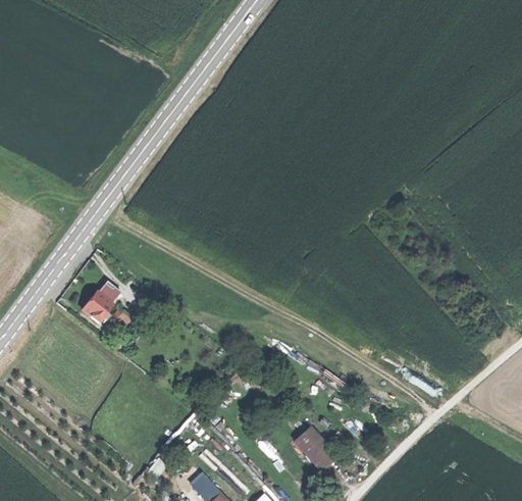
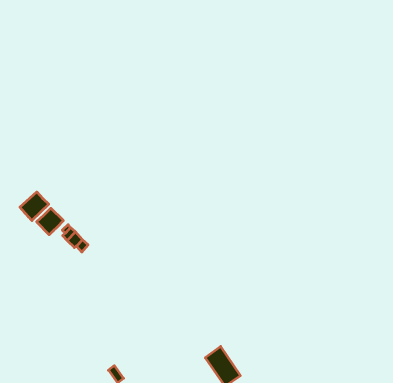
building: none -> [20,192,49,221]

